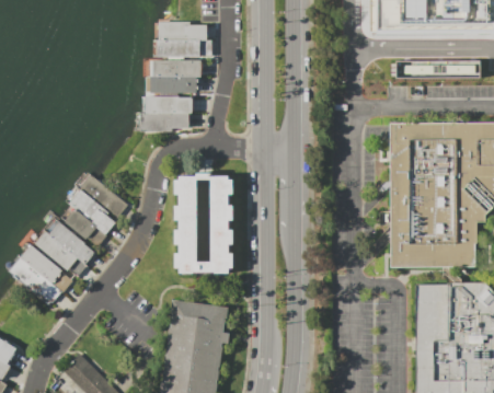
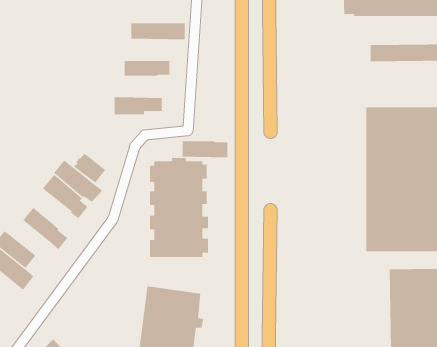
building: [158,21,207,38] -> none
building: [152,59,200,76] -> none
building: [146,95,192,113] -> [182,141,228,158]
building: [65,208,97,239] -> [73,152,106,183]
building: [35,230,78,269] -> none

